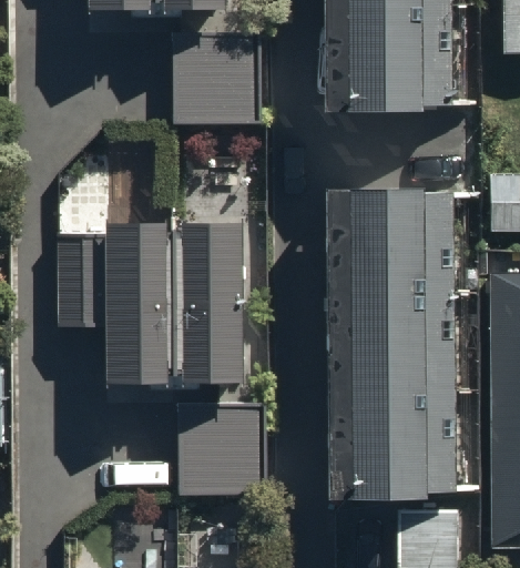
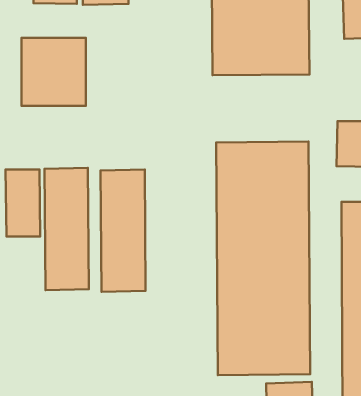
building: [170,36,254,124] -> [21,38,86,106]
building: [177,403,263,491] -> none

